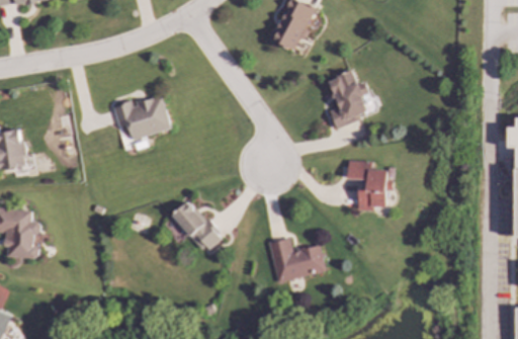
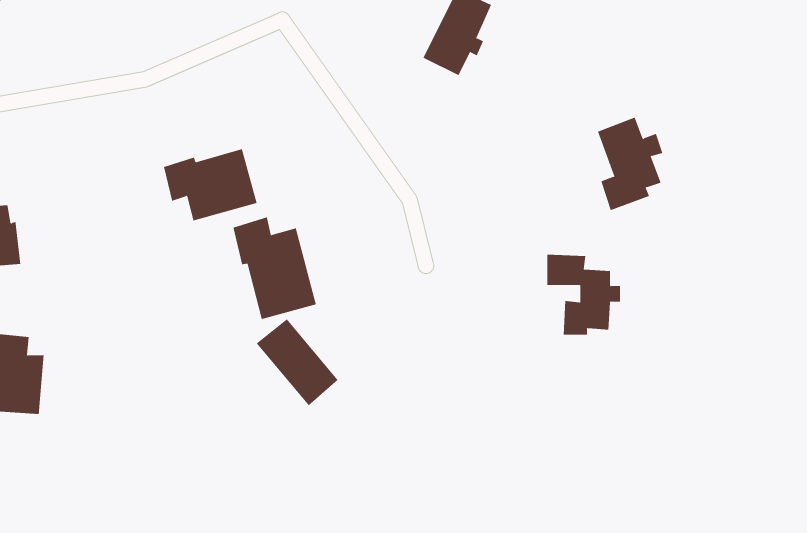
building: [328,72,368,130] -> [597,117,663,211]
building: none -> [233,216,317,320]
building: [269,239,326,282] -> none

